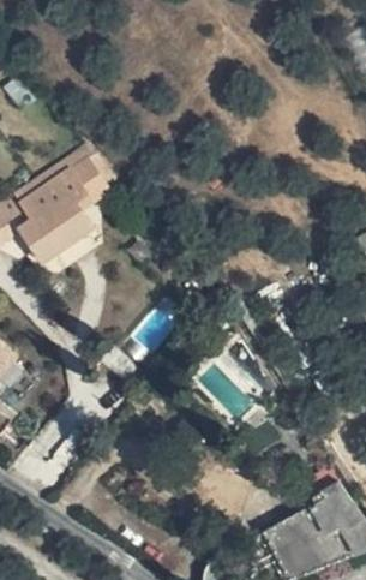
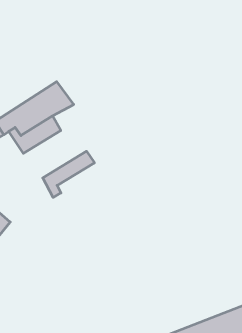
building: none -> [43,151,94,197]

